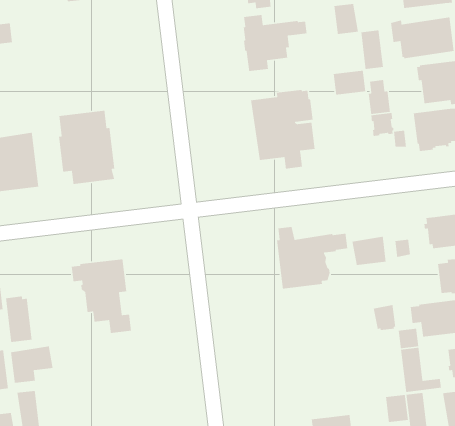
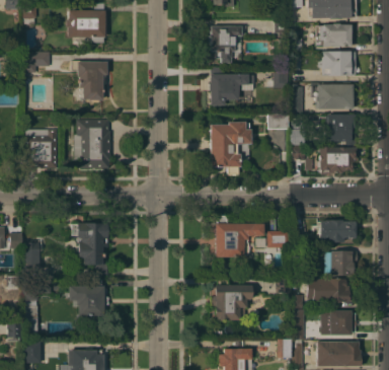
building: none -> [72,61,107,102]
building: none -> [212,278,253,321]
building: none -> [69,281,109,320]

